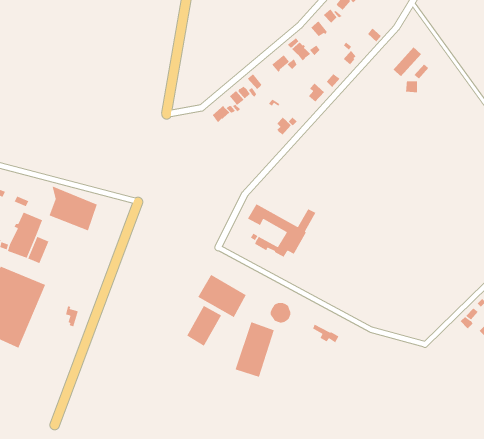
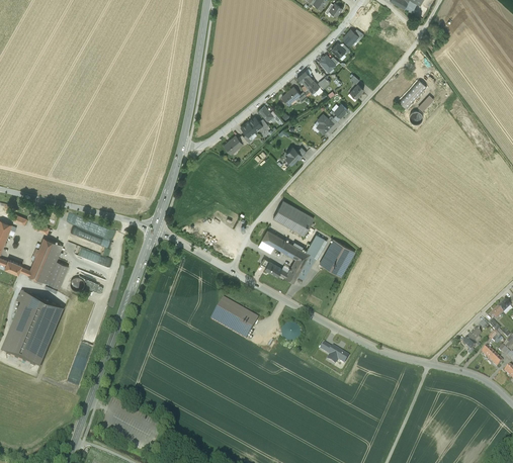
building: none -> [272,200,313,236]
building: none -> [318,240,354,276]
building: [186,305,222,347] -> none
building: [234,321,275,378] -> none

